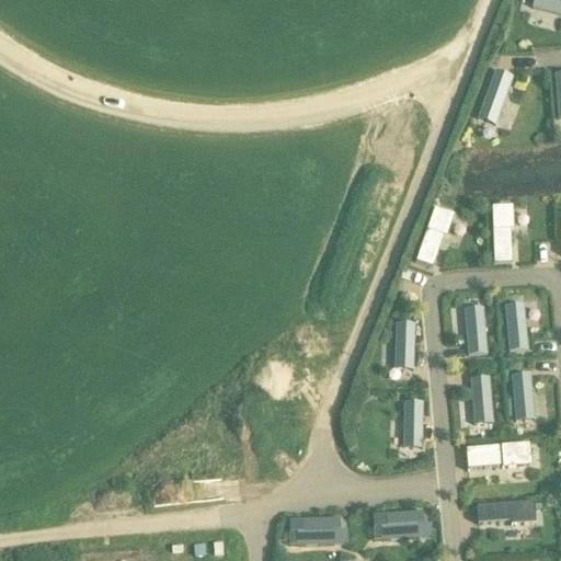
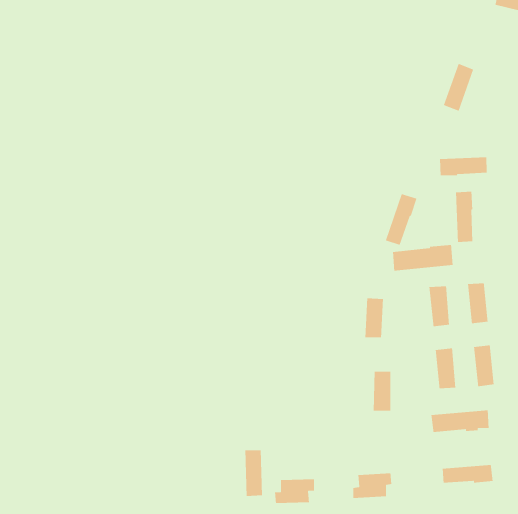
building: none -> [439,157,487,176]
building: none -> [392,244,454,272]
building: none -> [244,449,263,497]

